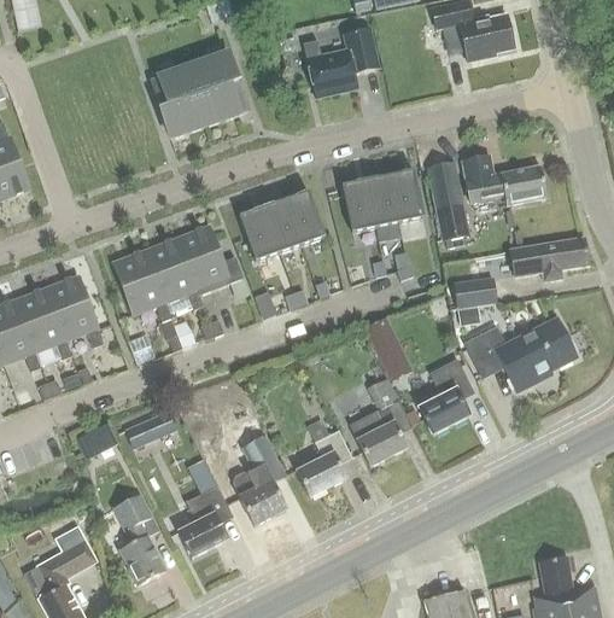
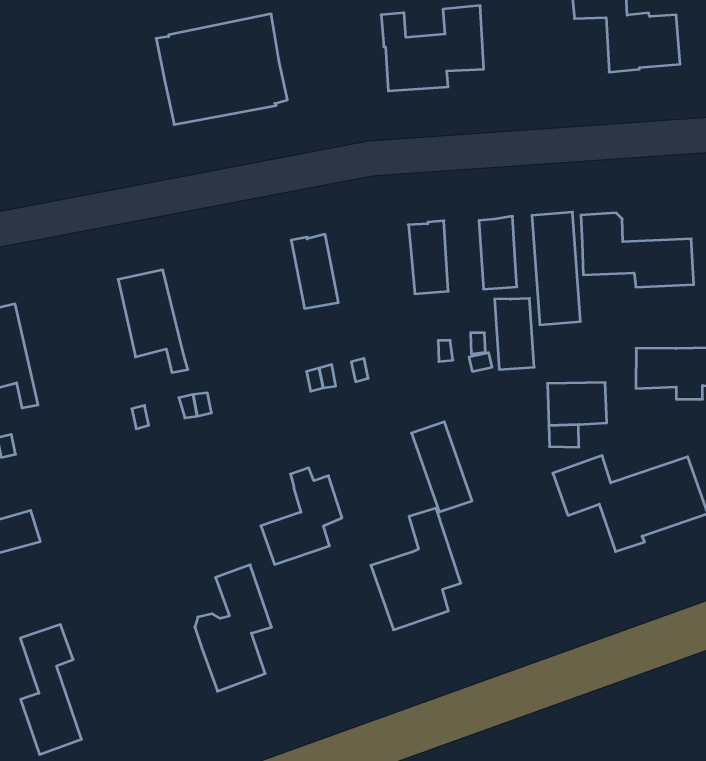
building: [366,174,399,226] -> [495,298,534,369]
building: [285,190,323,244] -> none
building: [239,205,277,260] -> none
building: [176,226,242,293] -> none
building: [113,249,171,320] -> none
building: [417,357,470,433] -> none
building: [123,408,179,445] -> none
building: [296,425,351,495] -> [261,468,342,564]
building: [177,484,228,556] -> none

